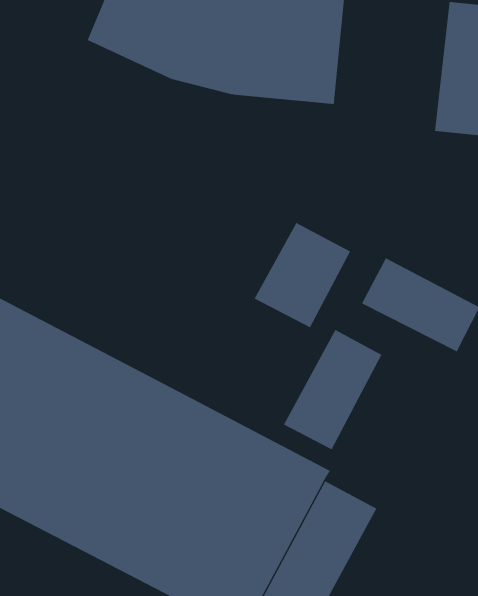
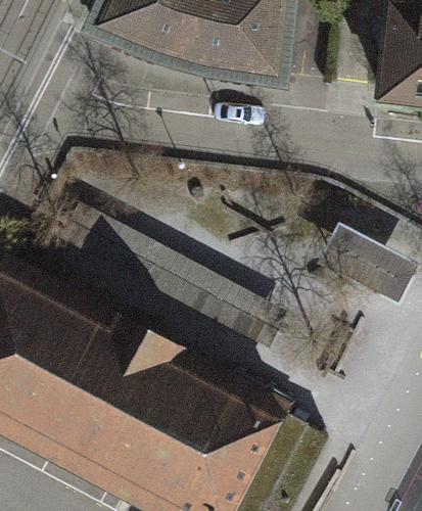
building: [254,222,351,328] -> none
building: [283,329,382,450] -> none

